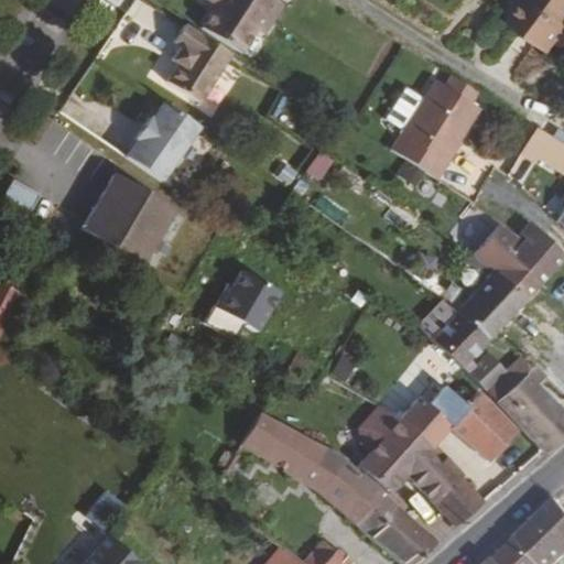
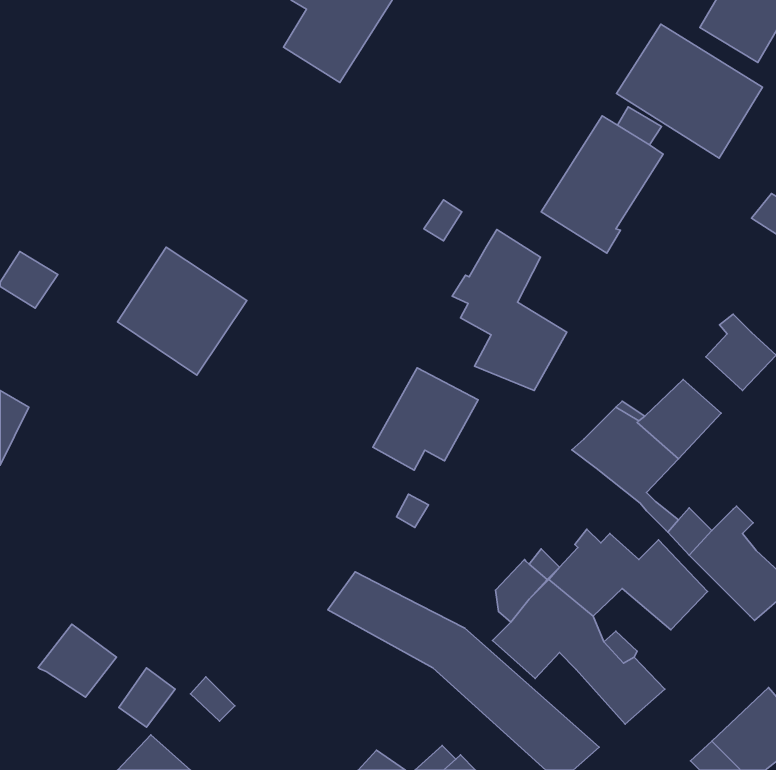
building: none -> [616,24,762,158]
building: [170,28,232,107] -> none
building: [121,99,196,178] -> none
building: none -> [452,230,567,391]
building: [476,228,539,299] -> none
building: [209,261,285,335] -> [373,368,478,470]
building: none -> [38,624,117,697]

